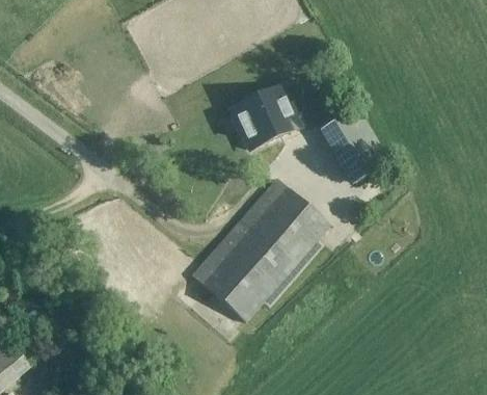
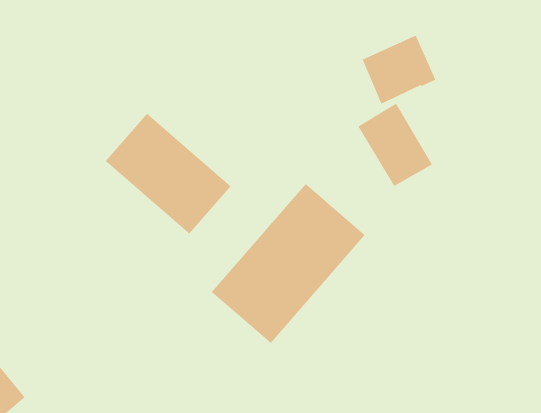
building: [233,86,298,148] -> [362,35,436,105]
building: none -> [105,113,231,234]

